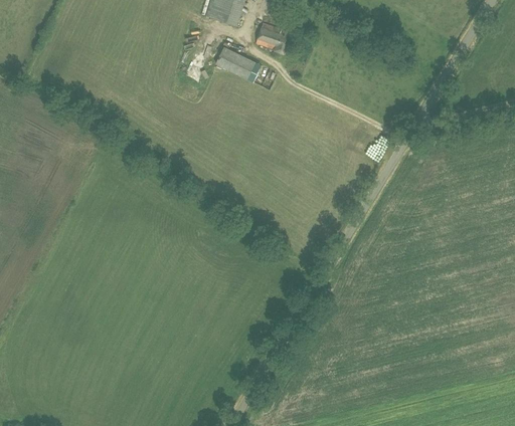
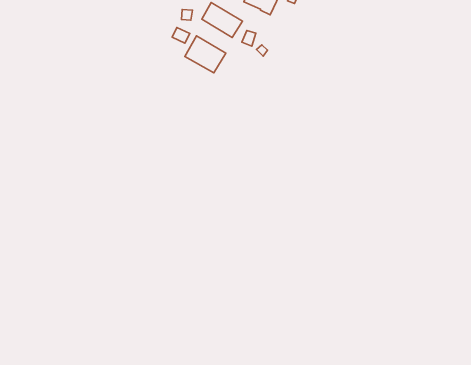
building: none -> [185,36,226,73]

